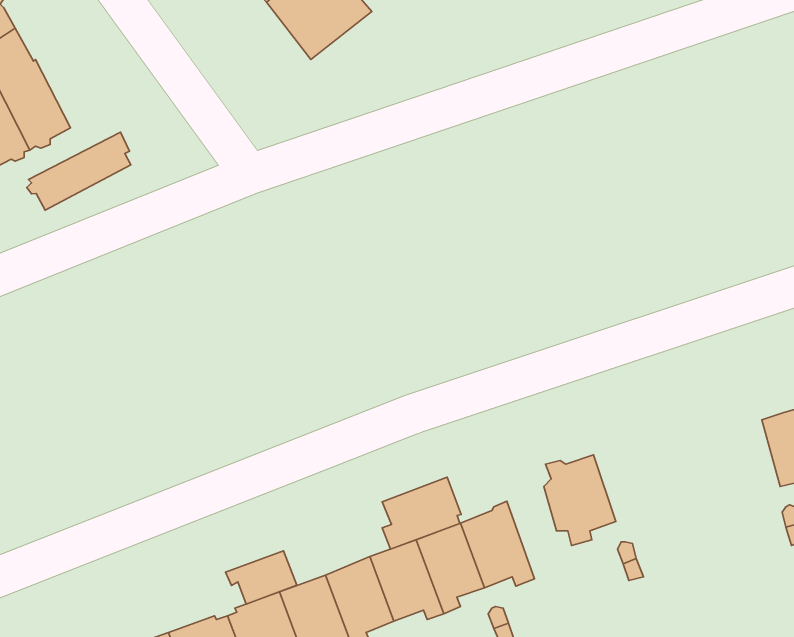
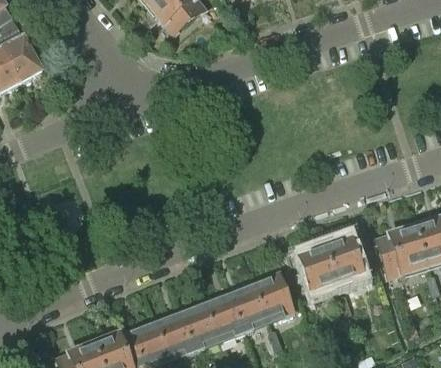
building: [27,132,131,210] -> none
building: none -> [377,229,425,277]
building: none -> [324,236,364,284]
building: [382,477,461,549] -> none
building: [225,551,297,604] -> none

